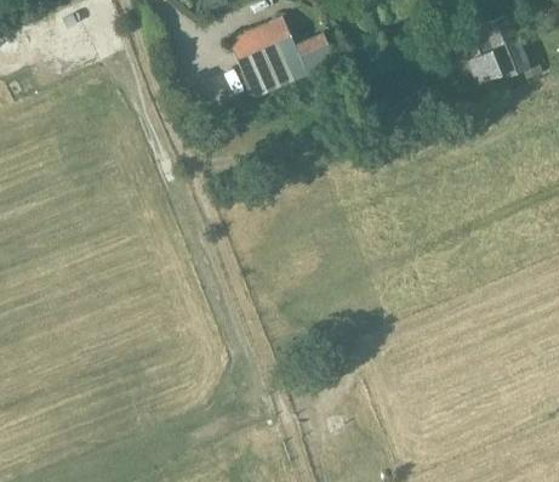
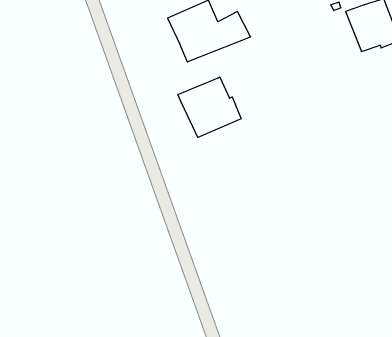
building: none -> [178,77,241,137]

